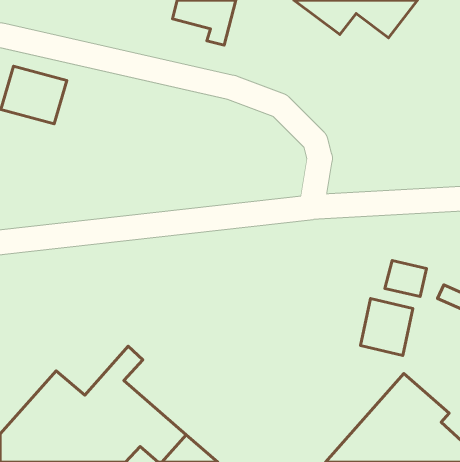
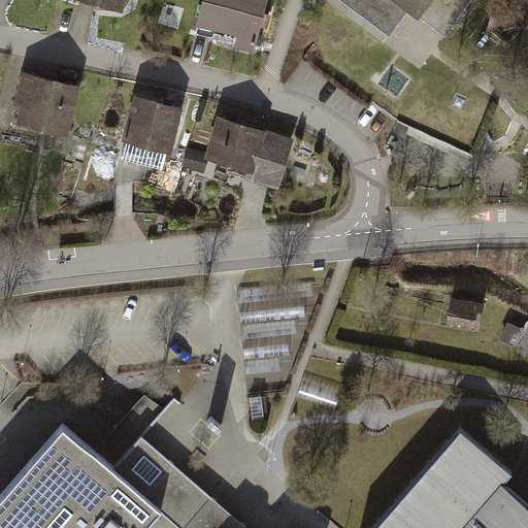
building: none -> [120,99,182,156]
building: none -> [184,118,291,188]
building: [360,299,413,355] -> none

